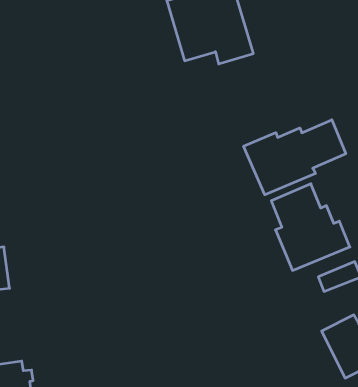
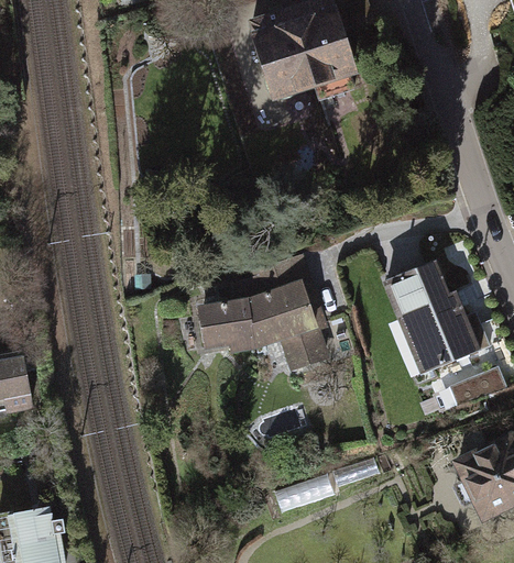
building: [244,120,346,195] -> none
building: none -> [194,278,331,375]

